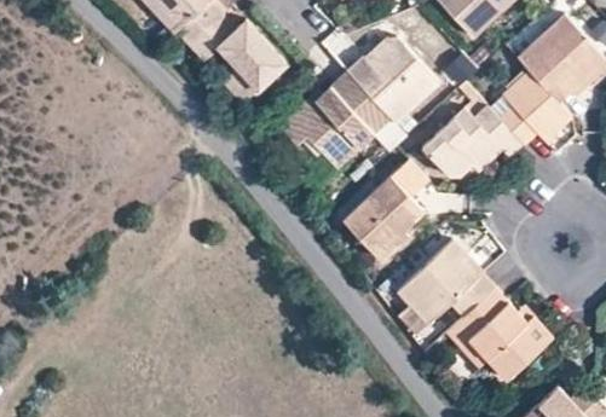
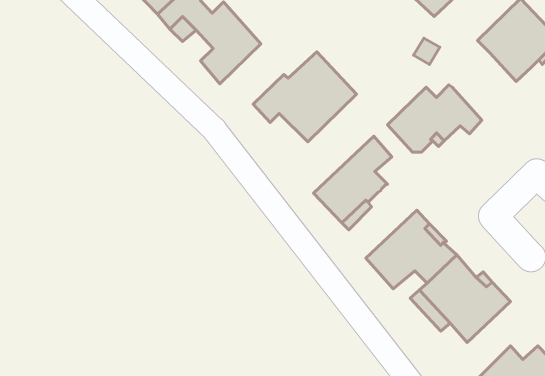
building: [347,31,435,121] -> none
building: [501,73,571,146] -> none

